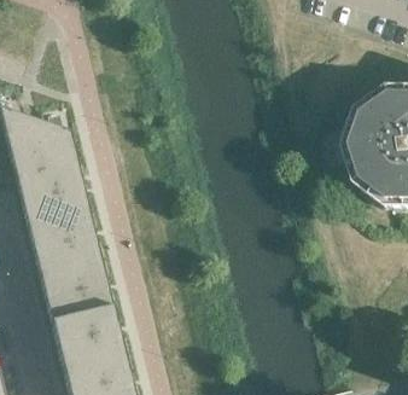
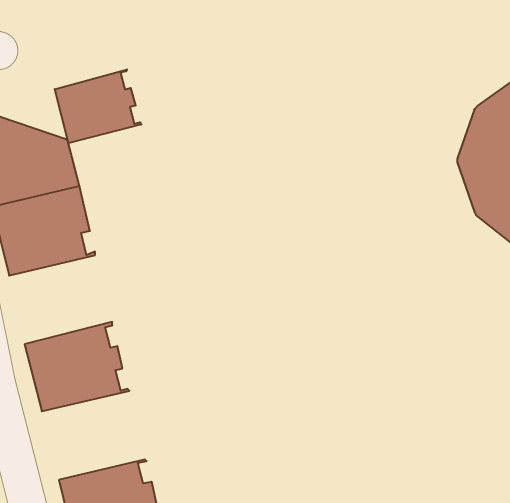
building: none -> [55,69,141,143]
building: [29,213,101,275] -> none
building: [52,308,124,371] -> none

